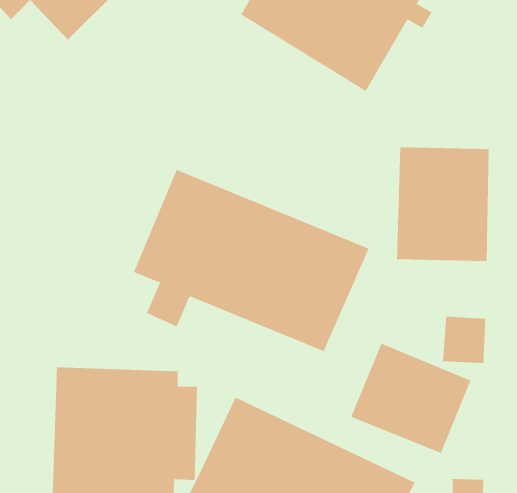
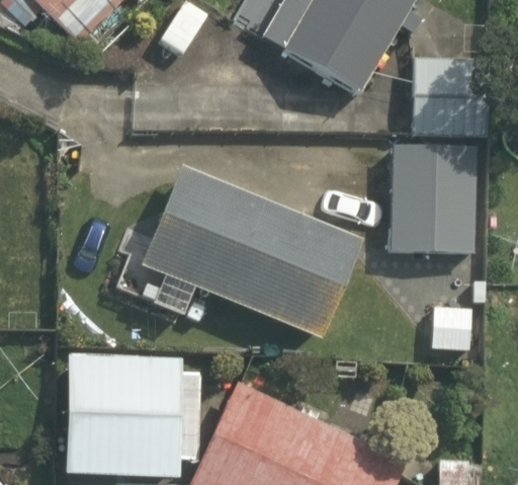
building: none -> [413,57,491,137]
building: [351,343,471,454] -> none

